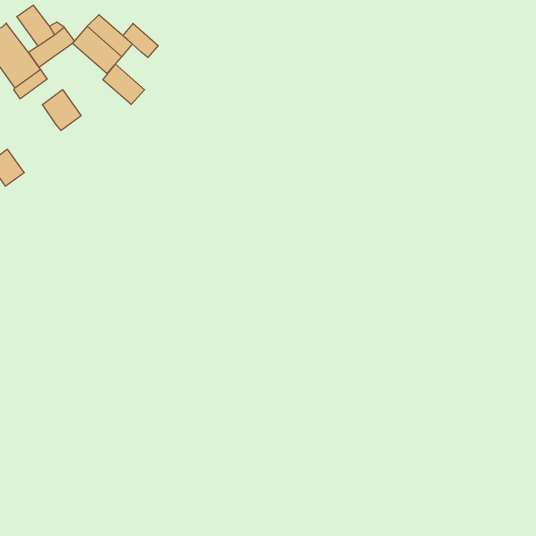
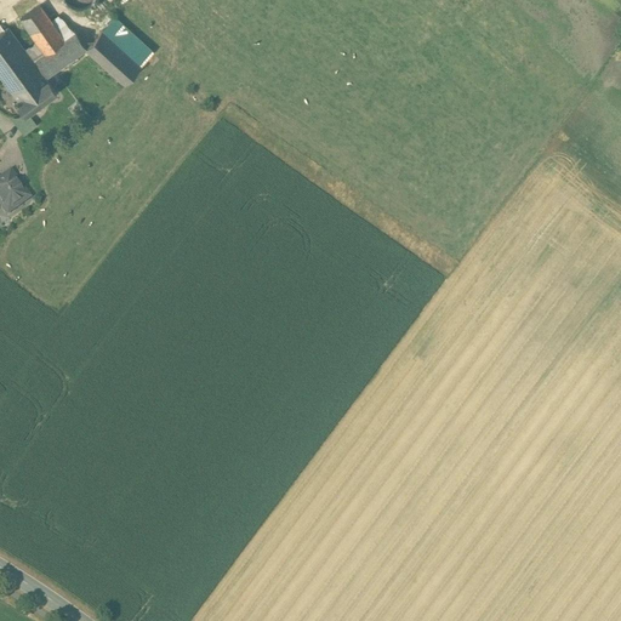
building: [123,23,158,57] -> none
building: [103,64,145,105] -> none
building: [42,90,81,130] -> none

